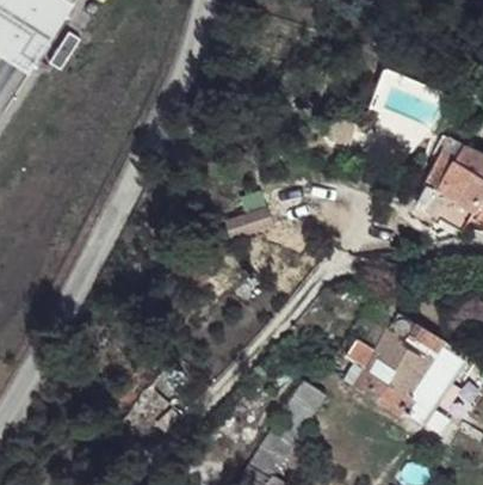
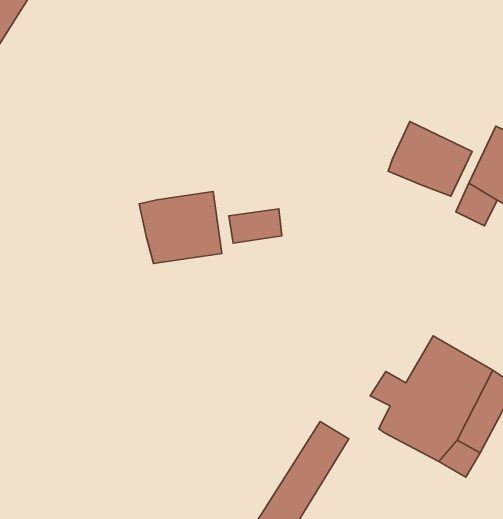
building: none -> [388,121,472,196]
building: none -> [139,191,222,263]

